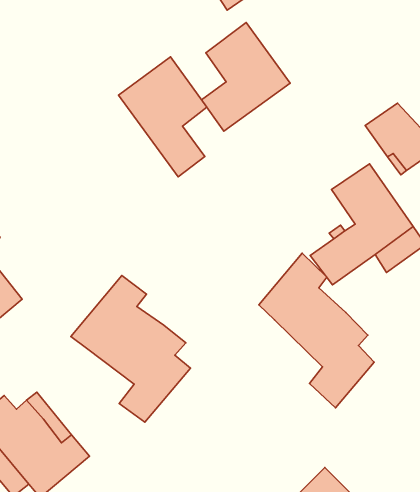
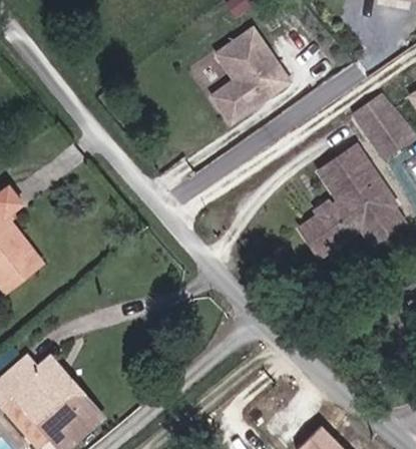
building: [119,57,207,177] -> none
building: [259,253,374,408] -> none
building: [71,276,190,422] -> none

